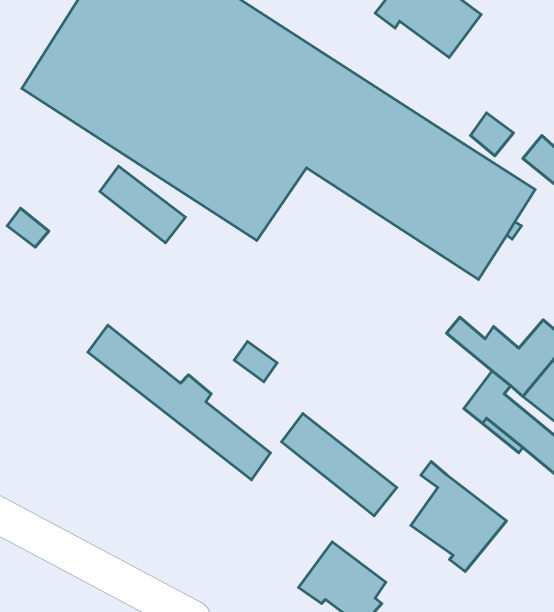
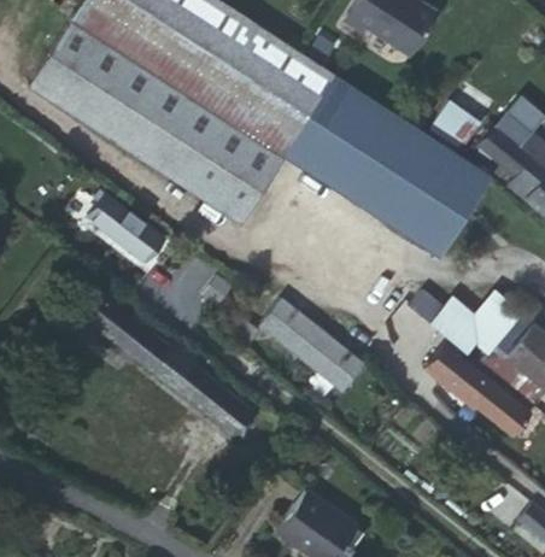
building: [100,166,186,243] -> [89,195,166,264]
building: [281,414,397,516] -> [260,300,364,392]
building: [411,462,507,572] -> none

